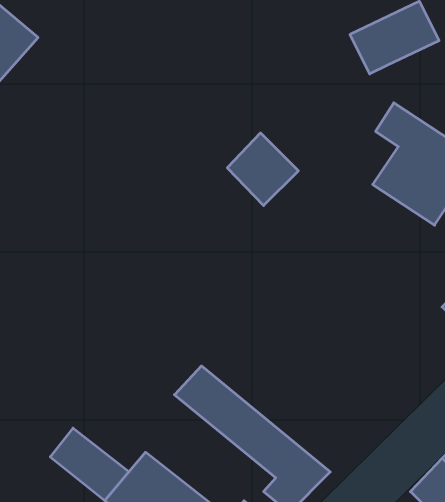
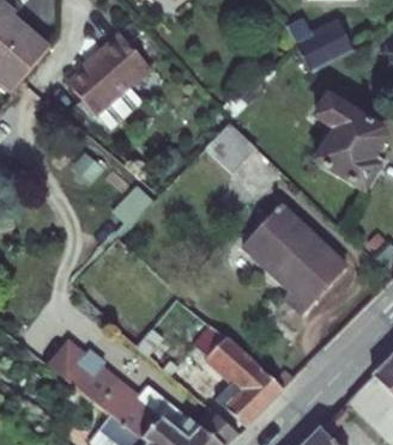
building: none -> [72,30,153,123]
building: none -> [240,208,344,317]

